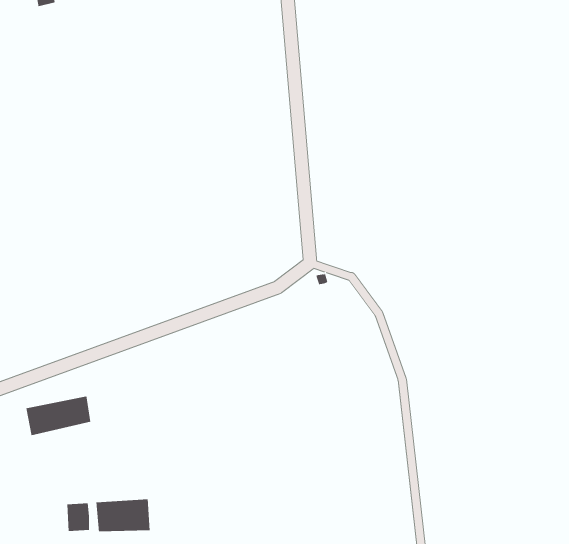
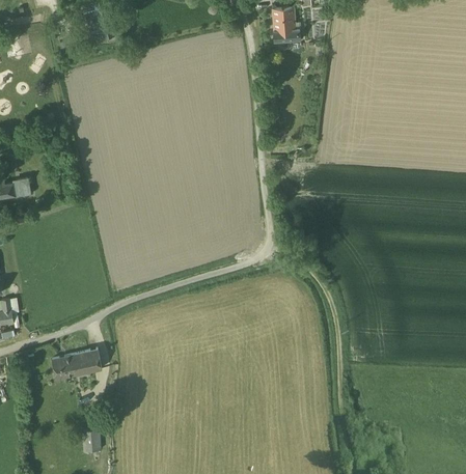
building: [96,498,150,532] -> none

